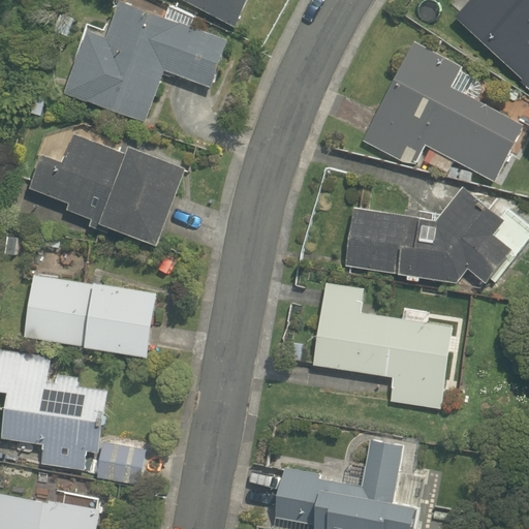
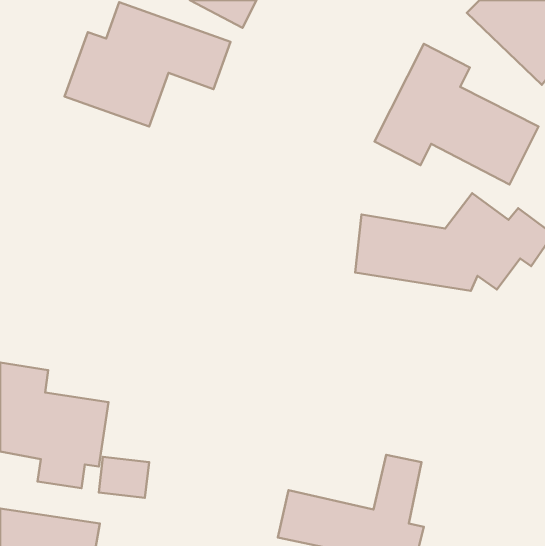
building: [29,134,180,244] -> none
building: [20,271,152,355] -> none
building: [314,281,452,409] -> none

